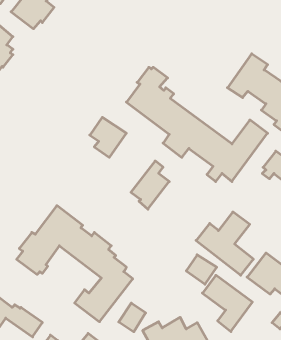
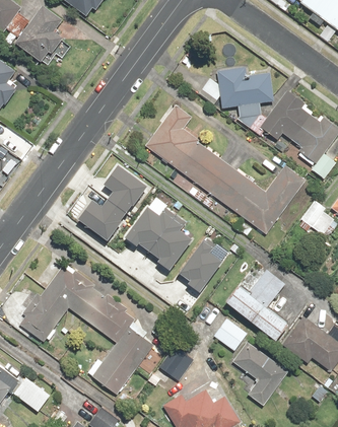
building: none -> [217,68,273,118]
building: none -> [80,196,126,235]
building: none -> [126,204,178,247]
building: none -> [179,235,222,290]
building: [119,303,146,332] -> [162,349,193,381]

